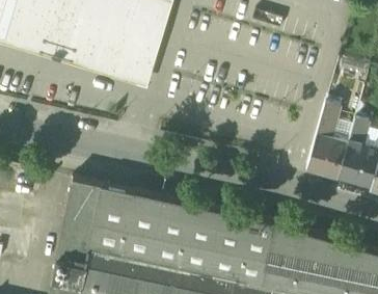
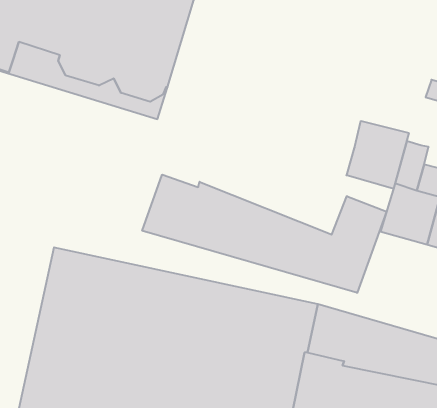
building: none -> [346,121,409,189]
building: none -> [142,175,387,293]

